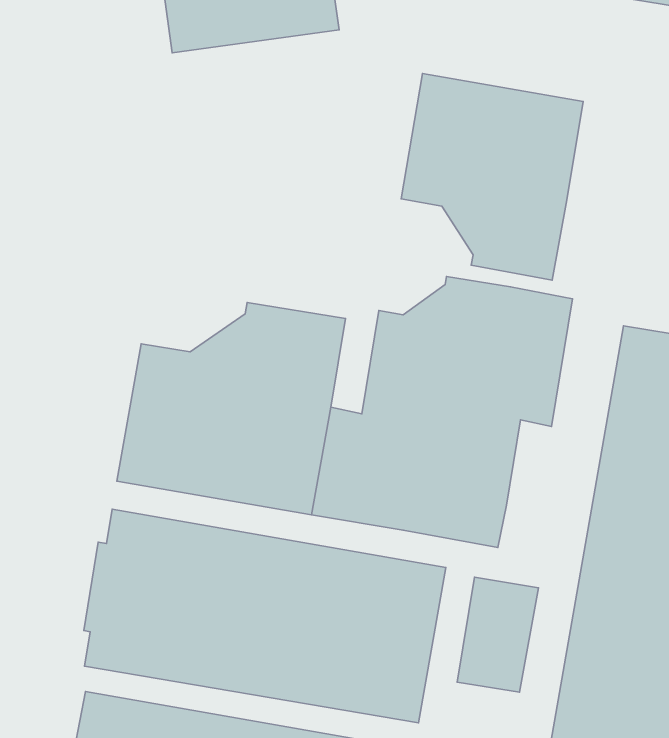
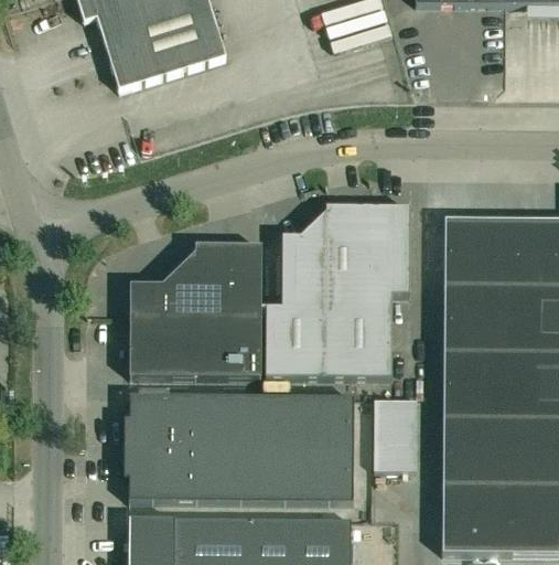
building: [401,74,583,280] -> none

